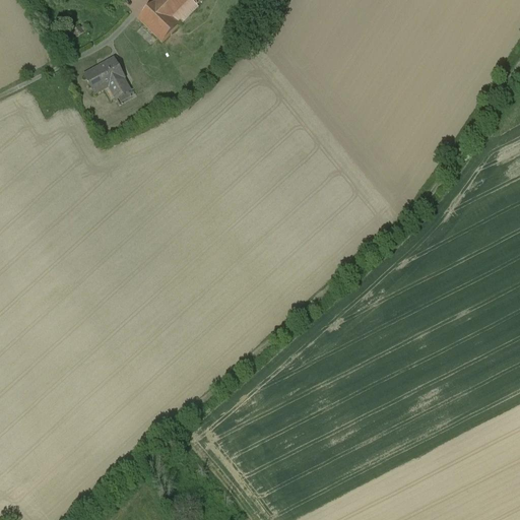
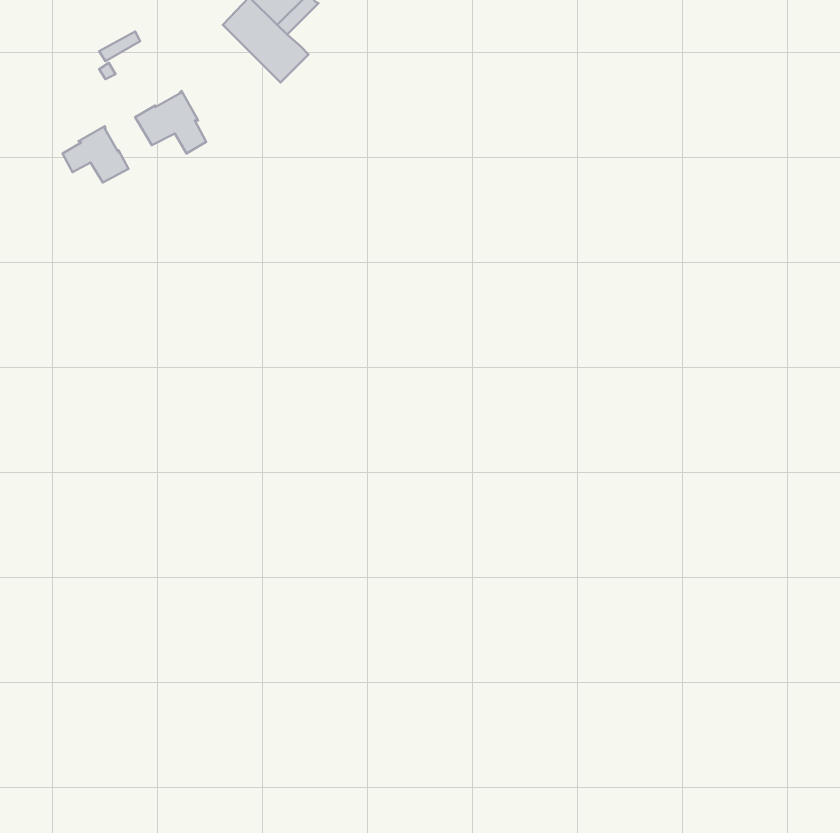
building: none -> [62,126,128,182]

